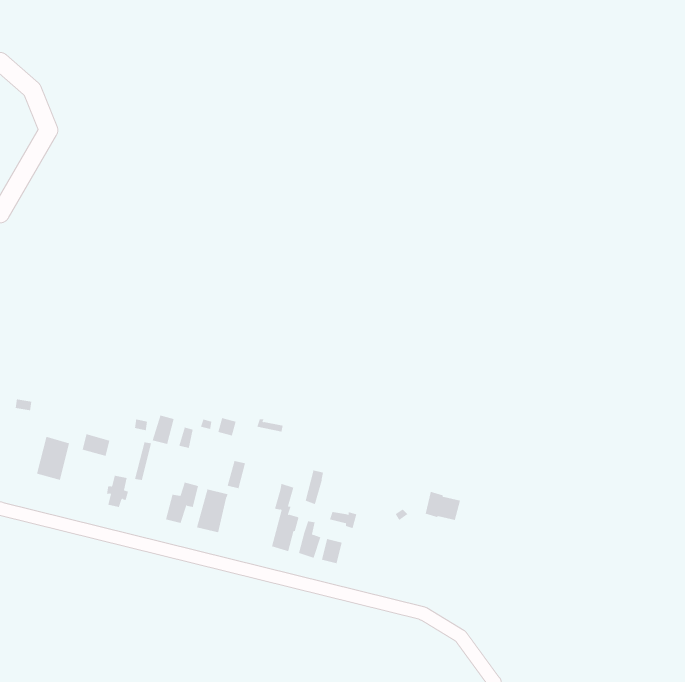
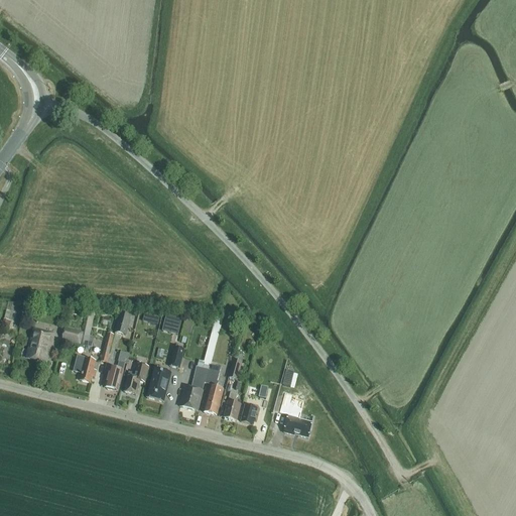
building: none -> [181,340,215,409]
building: none -> [106,350,130,389]
building: [425,491,461,521] -> [285,414,312,436]

